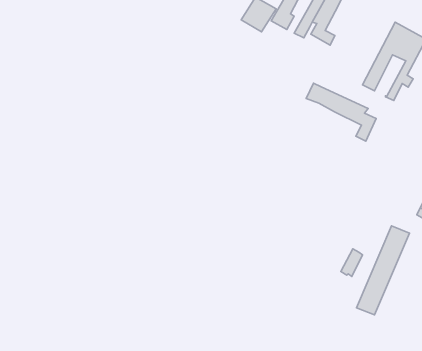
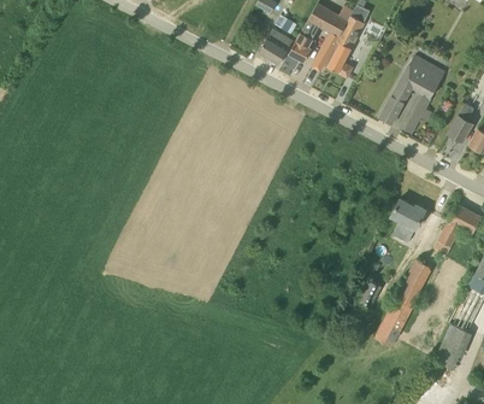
building: [306,83,376,141] -> none
building: none -> [390,199,425,242]

